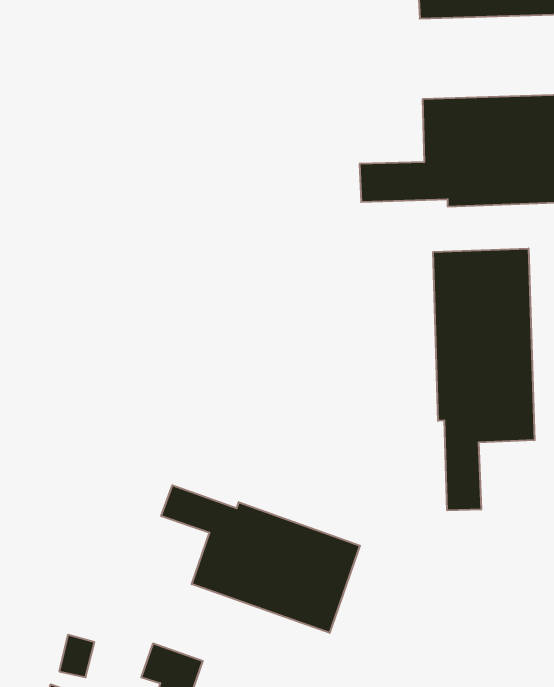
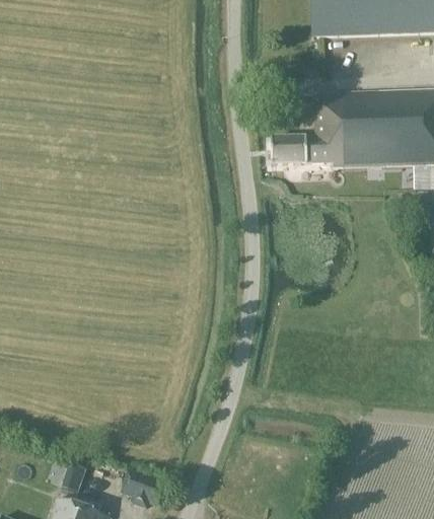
building: [433,248,535,510] -> none
building: [161,485,360,633] -> none

